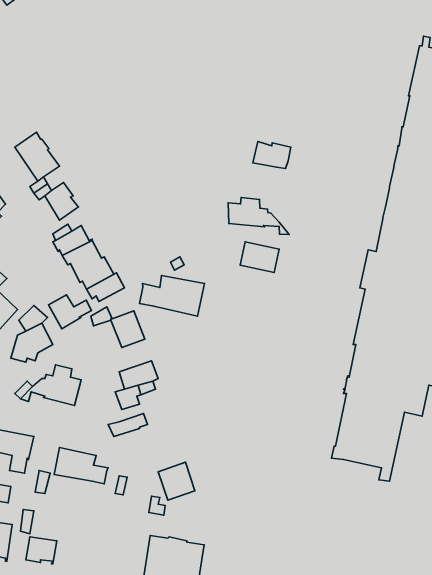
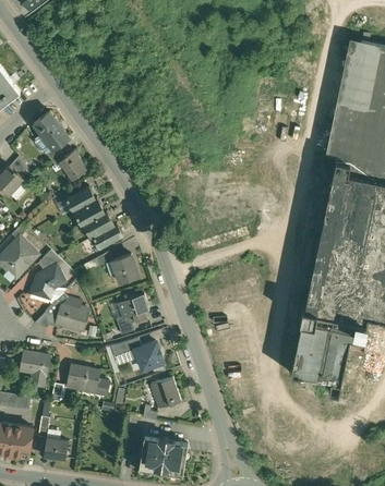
building: [253,141,291,169] -> none
building: [228,198,289,235] -> none
building: [240,242,279,272] -> none
building: [139,276,204,316] -> none
building: [49,295,92,329] -> none
building: none -> [134,341,163,369]

